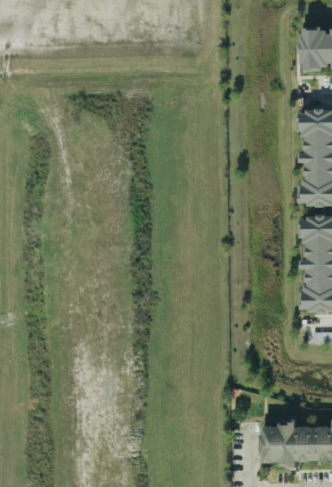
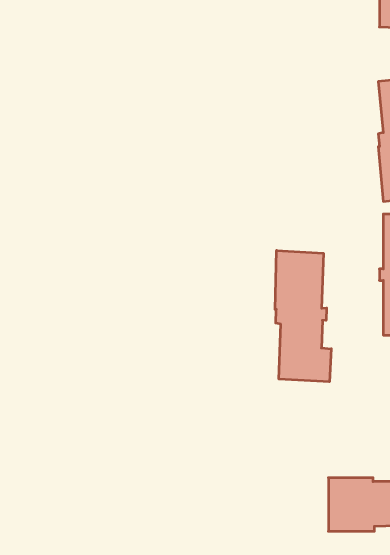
building: none -> [275,250,331,382]

